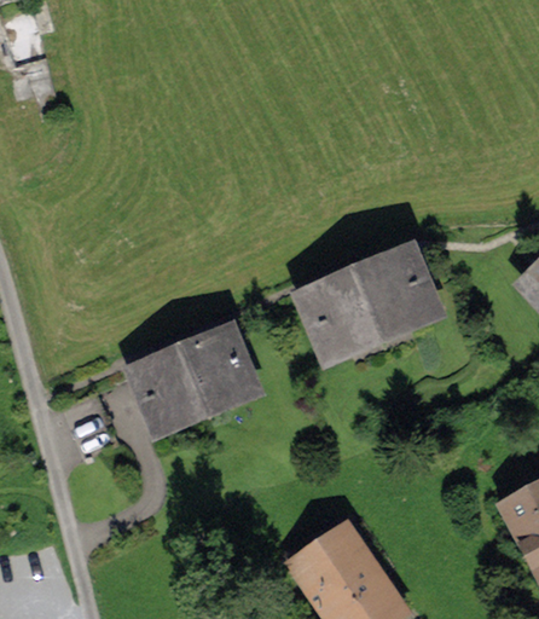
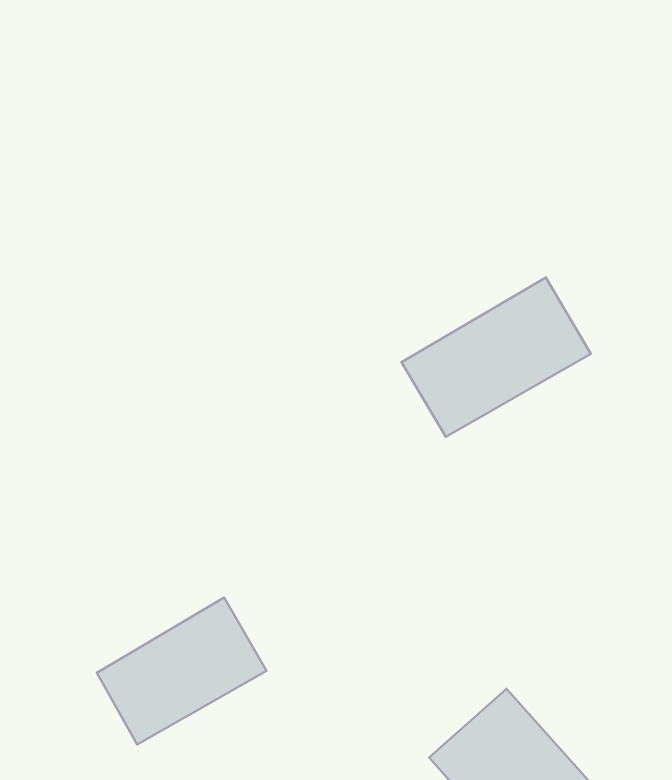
building: [138,336,250,426] -> [97,598,267,744]

